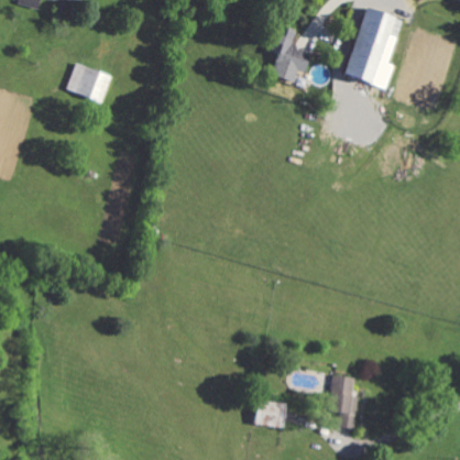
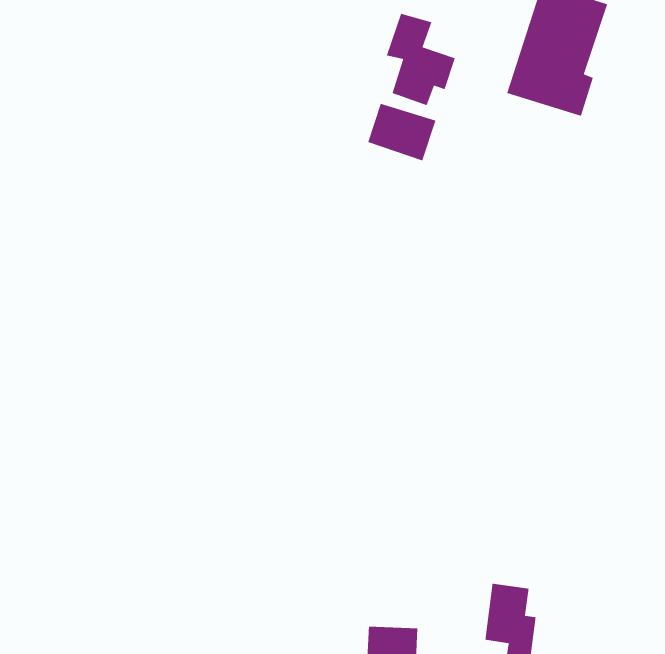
building: [67,63,112,103] -> none
building: none -> [367,103,436,161]

